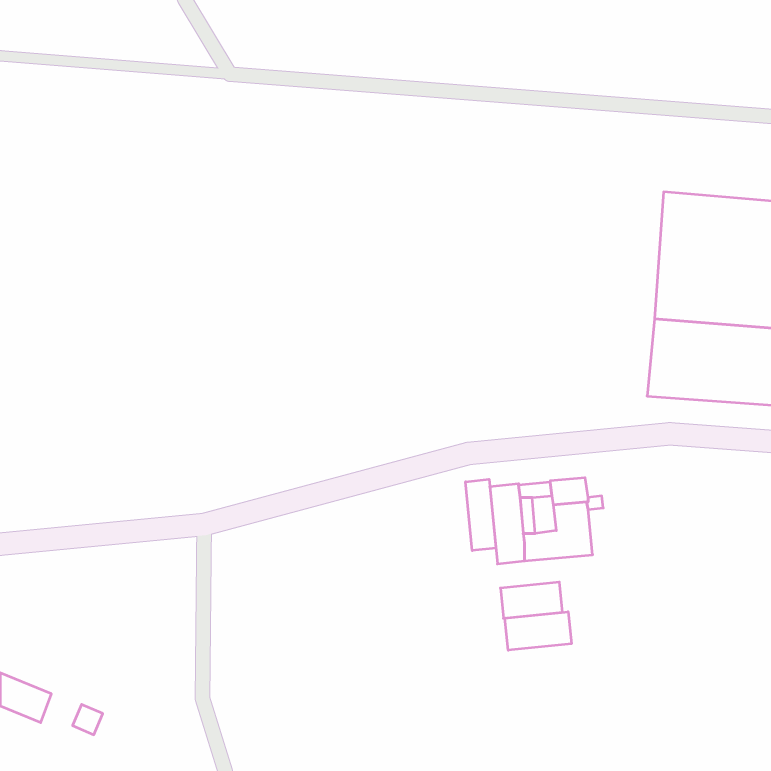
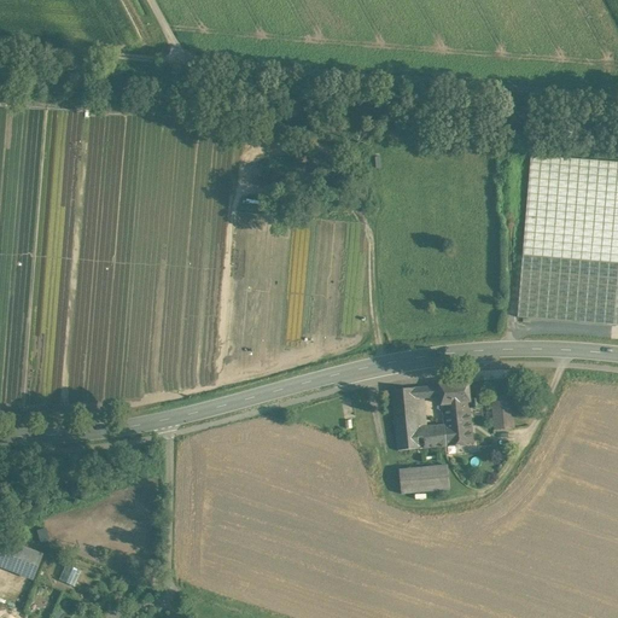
building: [466,479,496,551] -> none
building: none -> [491,393,515,428]
building: [505,612,571,650] -> none

